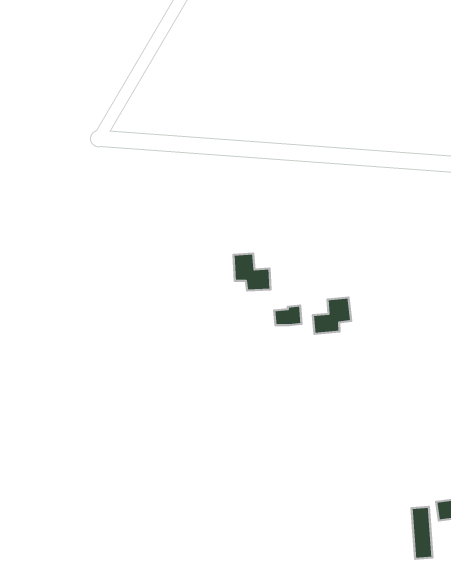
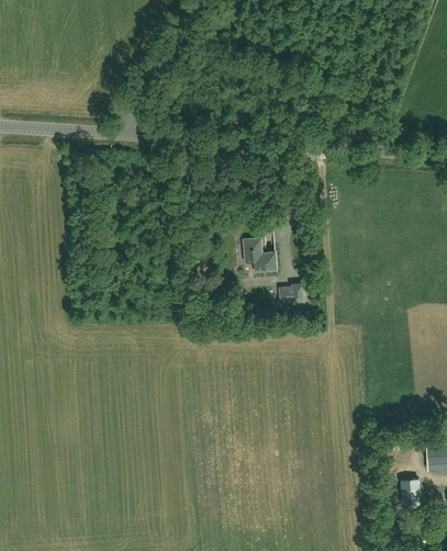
building: [313,297,351,334] -> none

